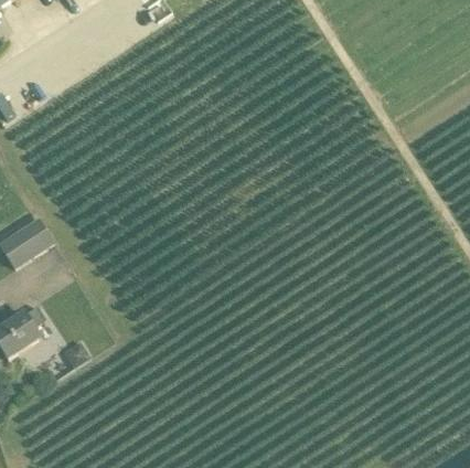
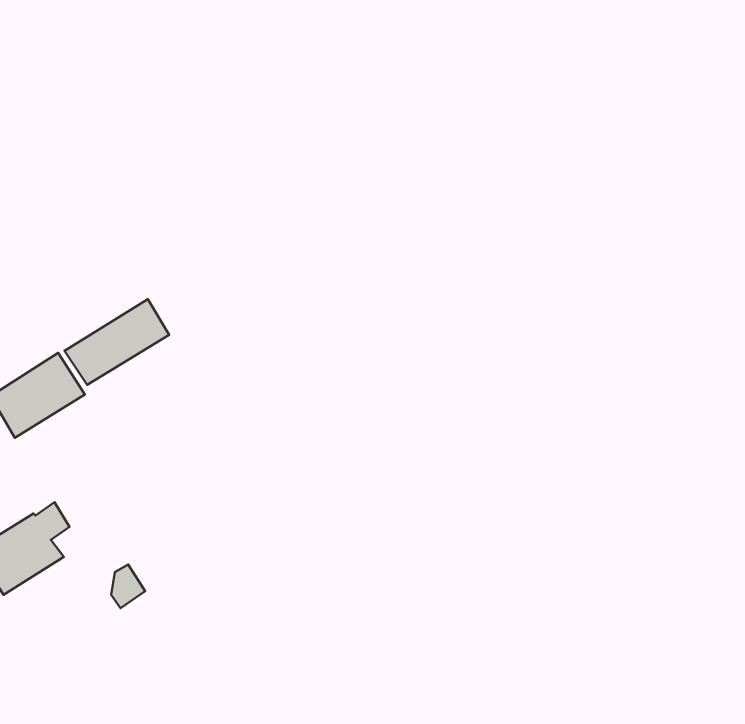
building: none -> [64,299,169,385]

